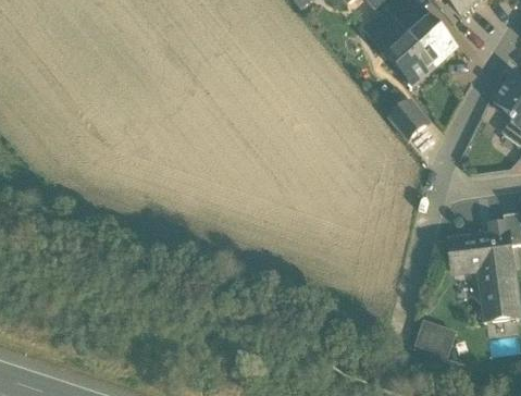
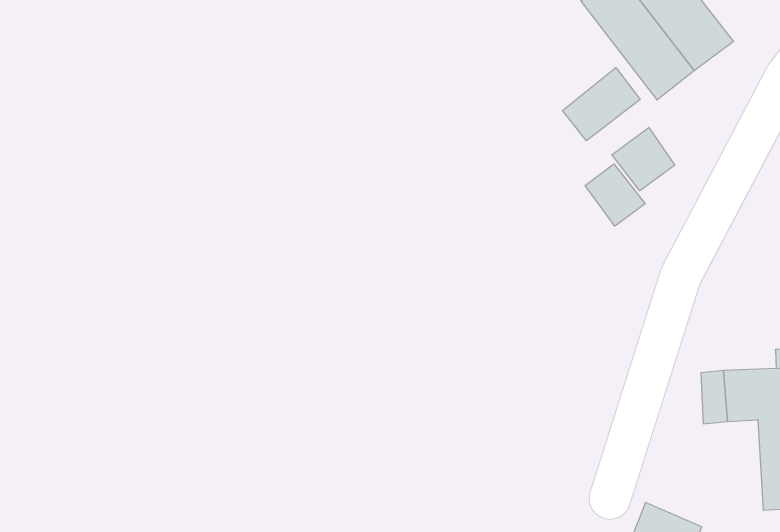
building: none -> [562,68,640,141]
building: none -> [585,164,645,226]

